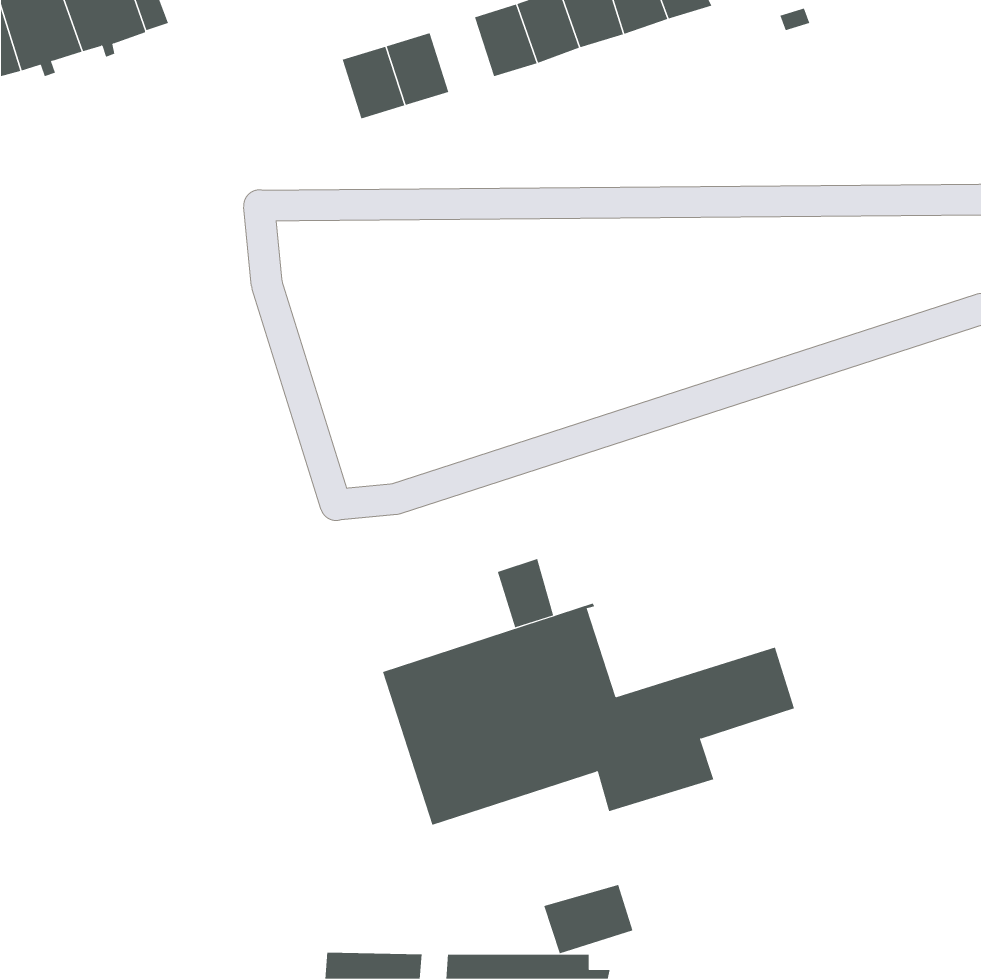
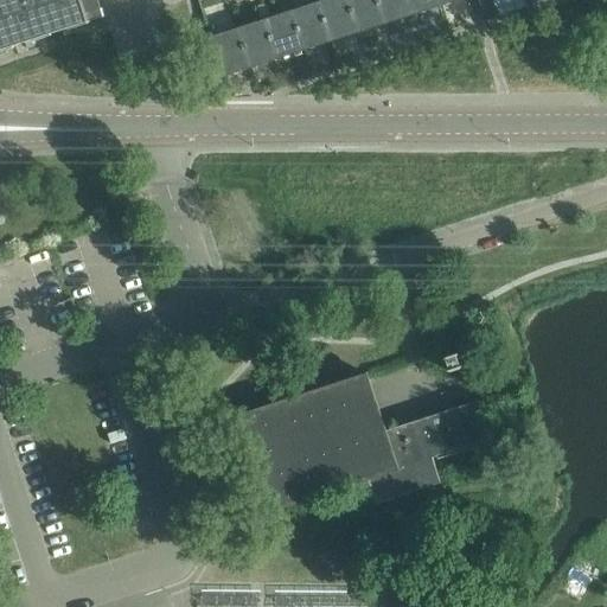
building: none -> [266,11,305,57]
building: [497,558,554,628] -> none
building: [543,884,633,954] -> none

